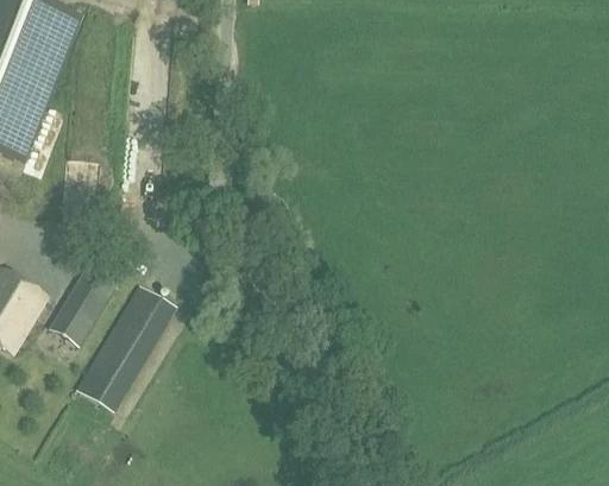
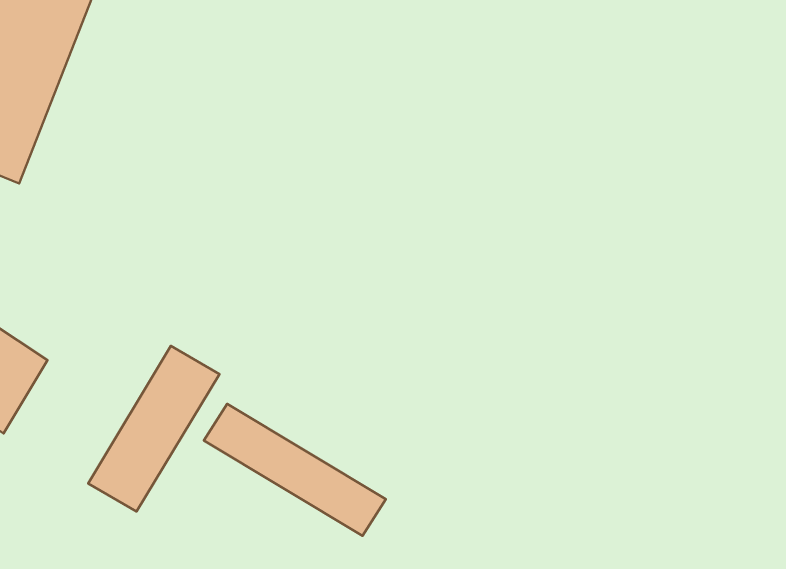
building: [46,265,117,348] -> none
building: none -> [204,404,386,536]

